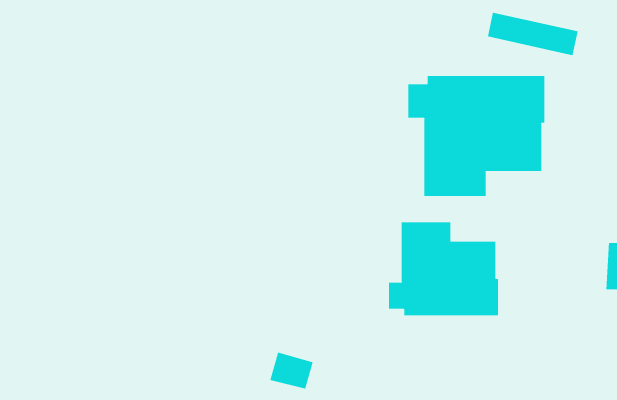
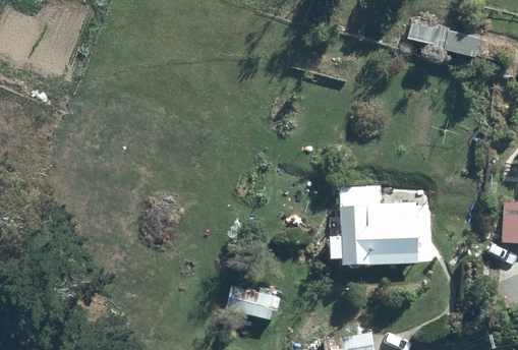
building: [408,75,545,197] -> none

